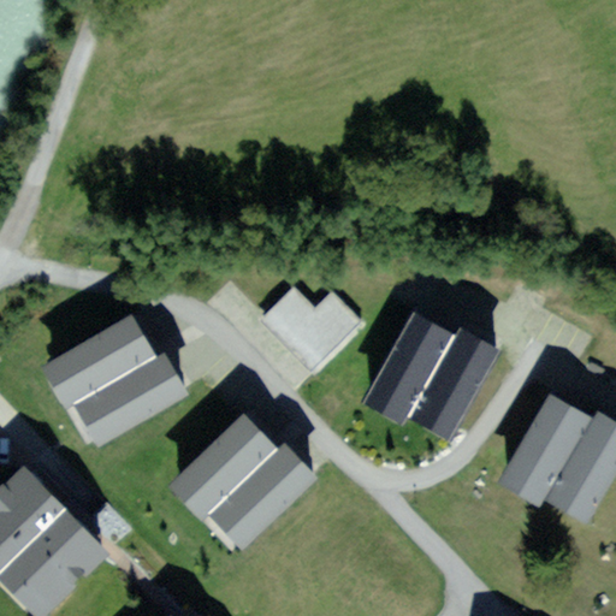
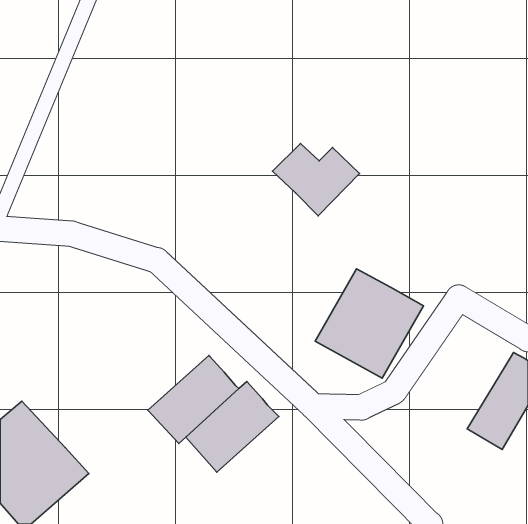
building: [261,284,362,368] -> [273,143,359,216]
building: [48,312,189,449] -> none
building: [497,390,594,505] -> none

